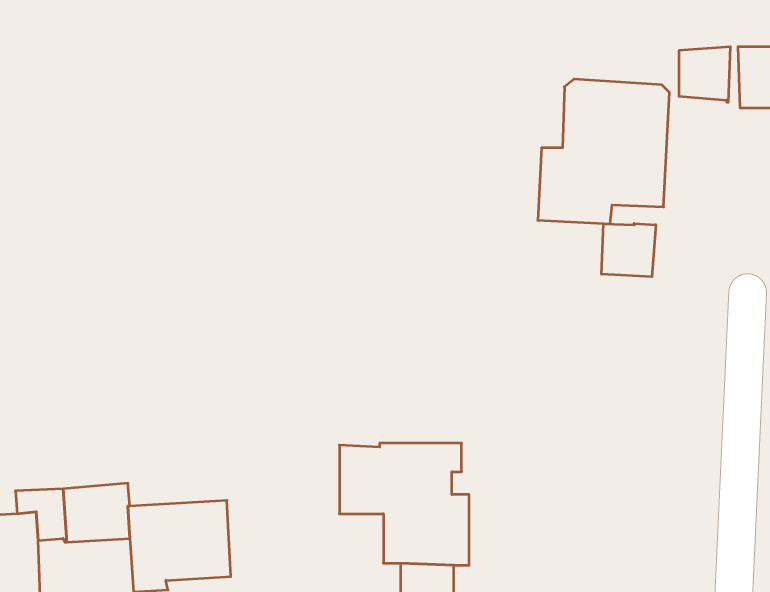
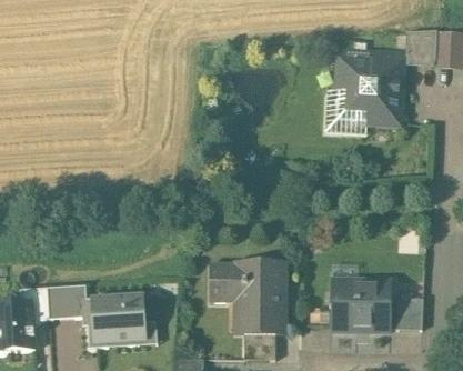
building: [602,223,656,277] -> none
building: none -> [331,279,390,332]
building: none -> [397,298,424,329]

